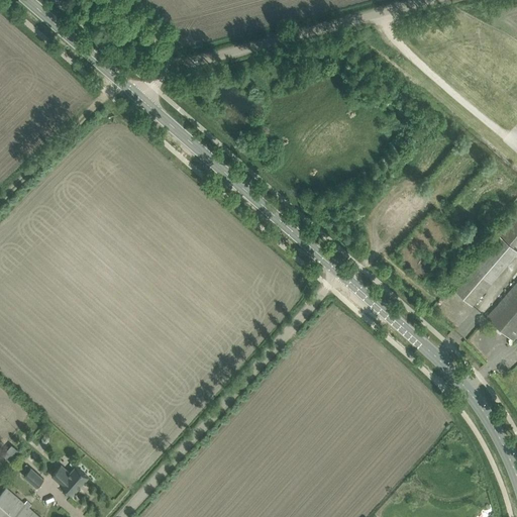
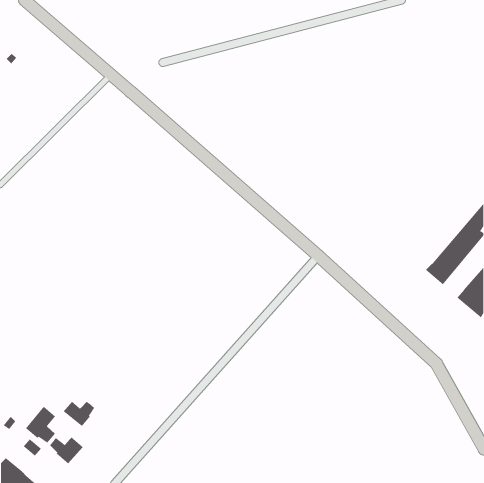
building: none -> [63,401,95,427]
building: none -> [25,406,56,443]

